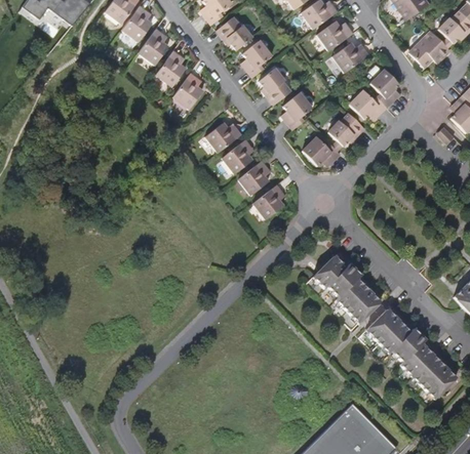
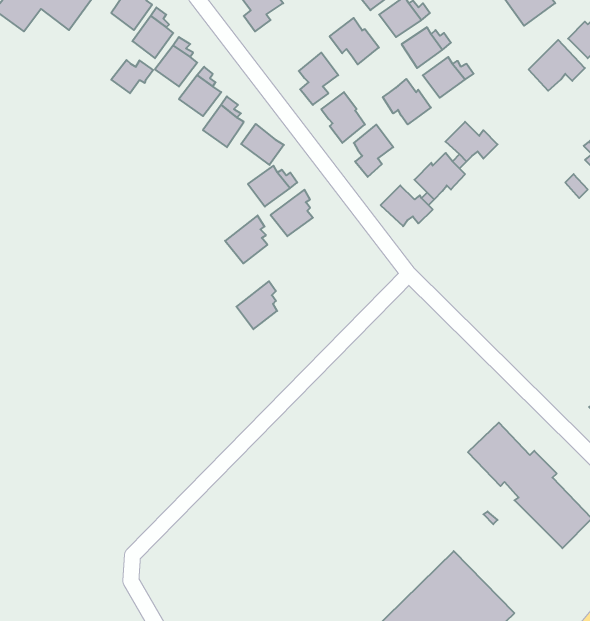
building: [216,15,251,49] -> [330,18,379,64]
building: none -> [111,60,153,93]
building: none -> [383,79,431,124]
building: [370,68,399,106] -> none
building: none -> [241,124,284,165]
building: [238,159,269,194] -> [225,215,267,263]
building: [253,183,283,218] -> [236,281,277,329]
building: [313,254,380,322] -> none

